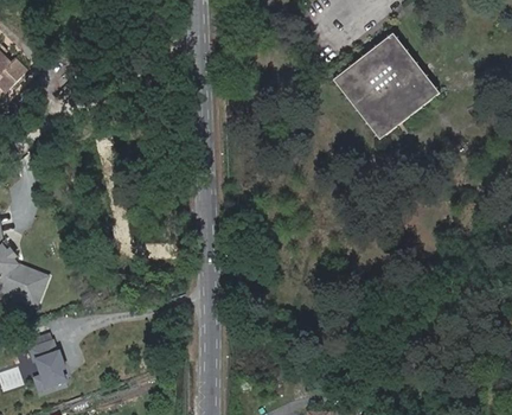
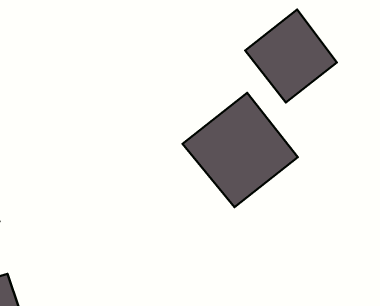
building: none -> [183,93,298,207]

